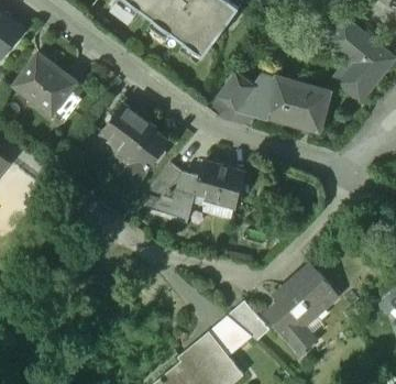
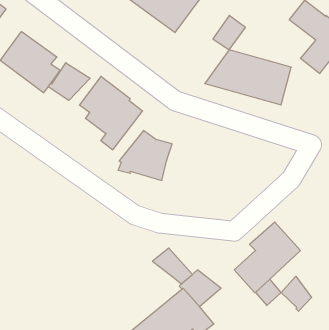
building: [218,74,253,111] -> [213,15,245,50]
building: none -> [48,63,90,100]
building: [195,162,244,205] -> none
building: [228,298,271,337] -> [153,248,192,284]
building: none -> [281,276,312,311]

